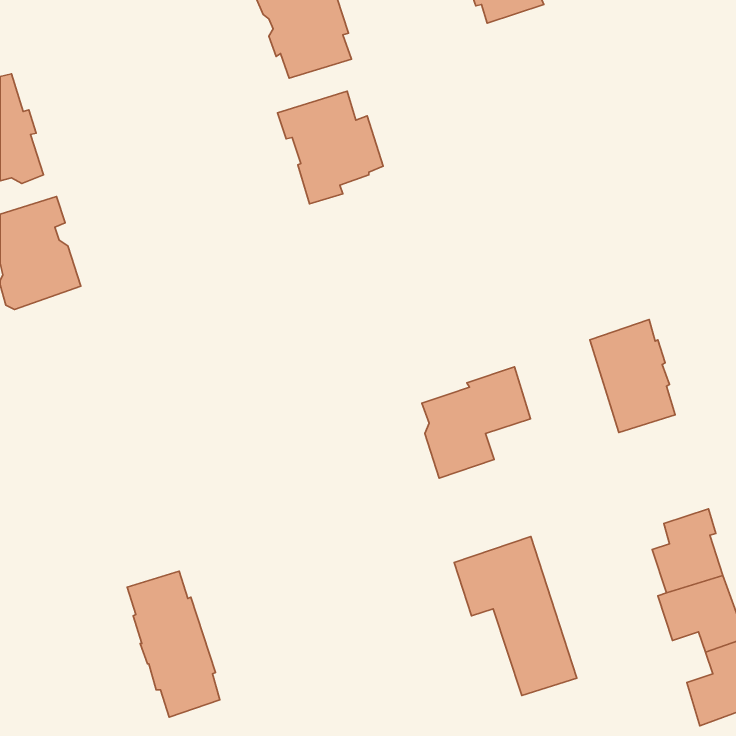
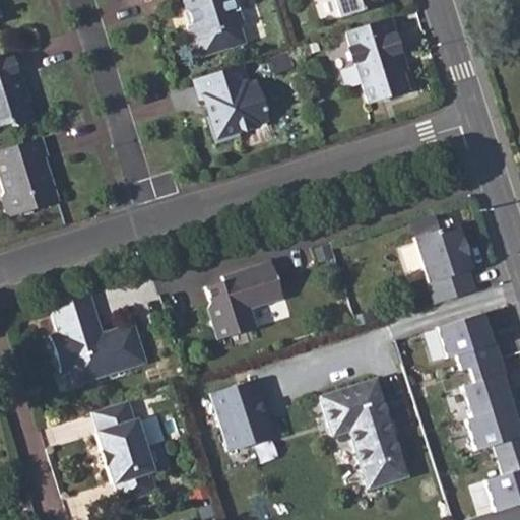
building: none -> [349,17,410,103]
building: [422,367,530,478] -> [206,260,282,338]
building: none -> [50,292,147,385]
building: none -> [436,313,500,370]
building: none -> [211,377,275,450]

